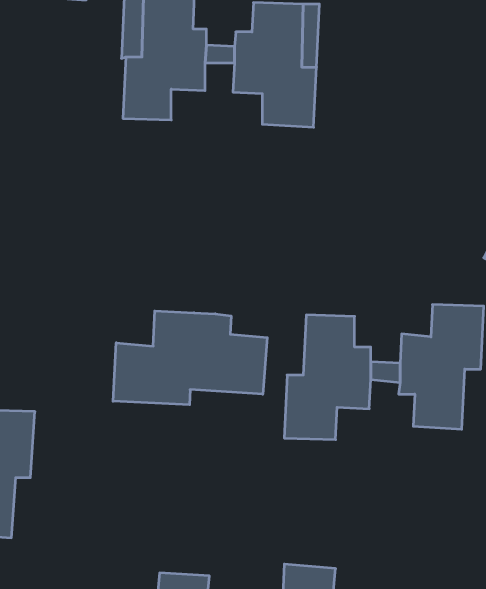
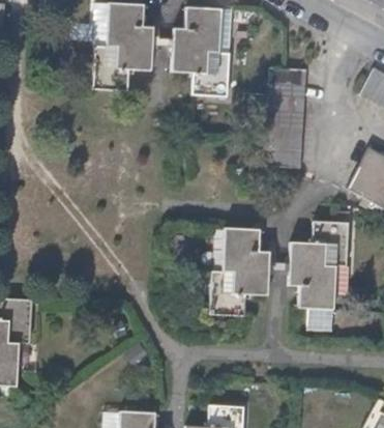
building: none -> [266,67,306,167]
building: [113,311,267,405] -> none

